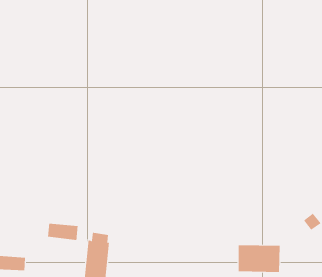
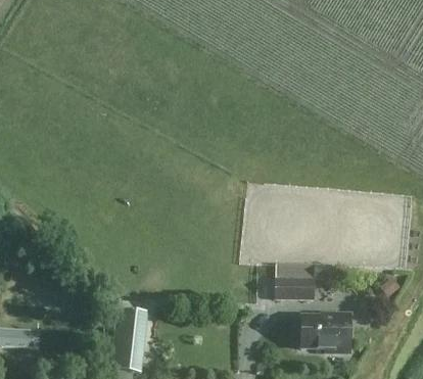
building: none -> [277,263,331,301]
building: [47,223,78,241] -> none

